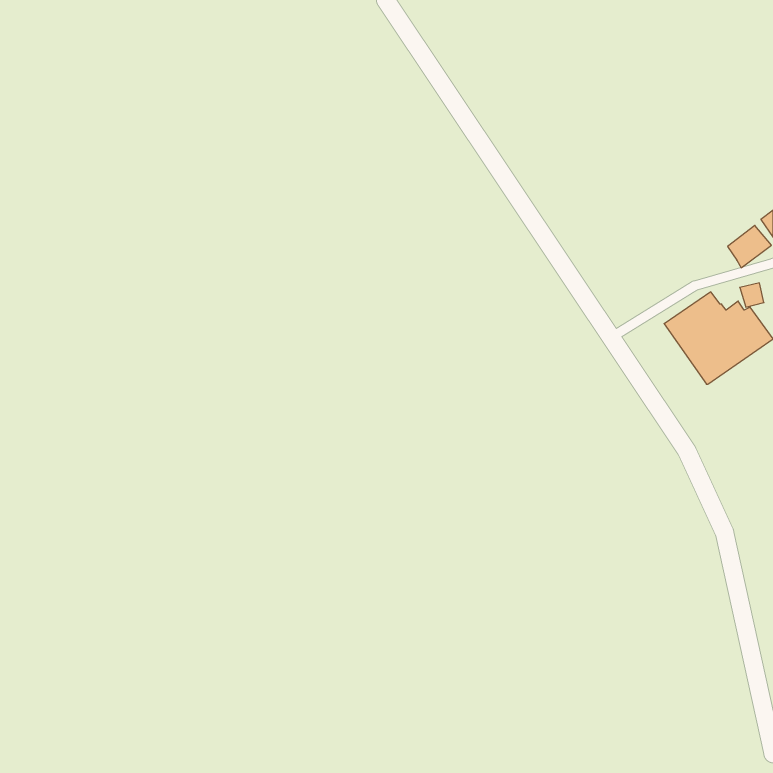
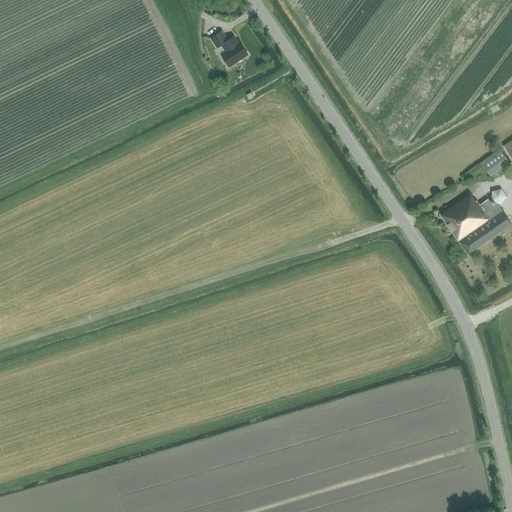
building: none -> [211,31,248,67]

